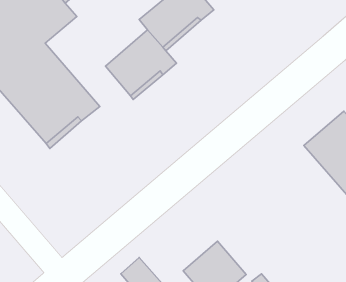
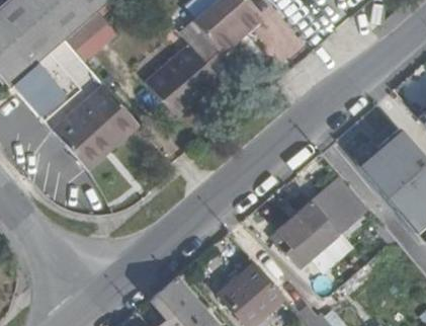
building: none -> [278,176,372,270]

